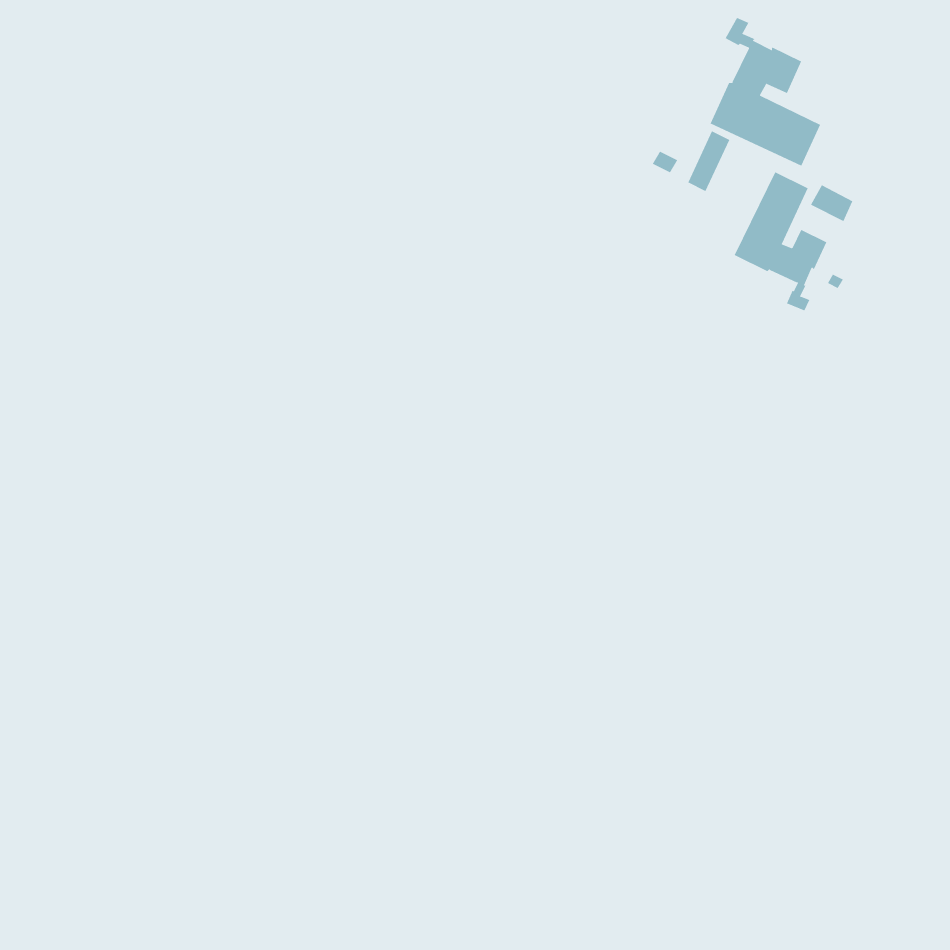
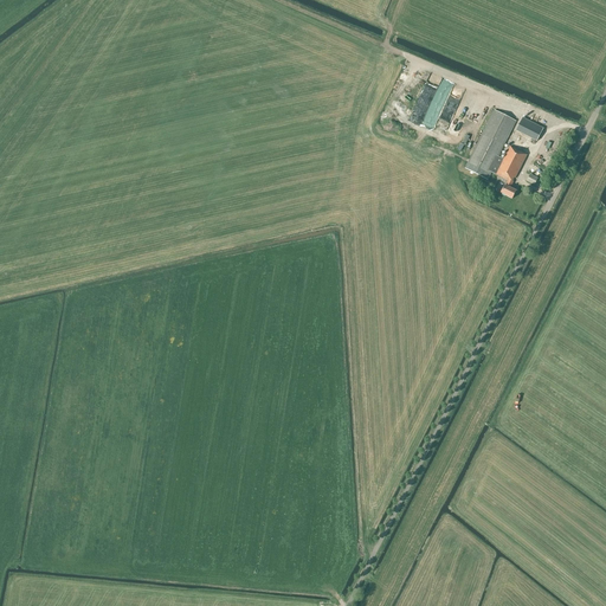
building: [710,17,821,166] -> none

